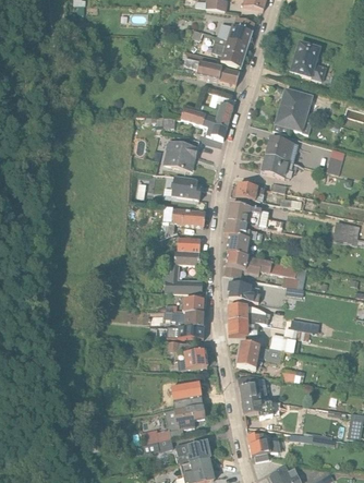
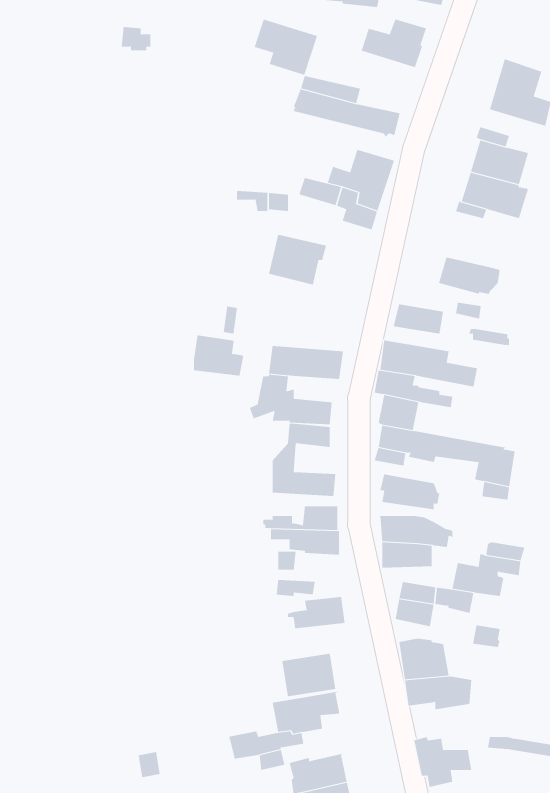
building: [211,36,248,69] -> [254,19,318,76]
building: [266,136,299,161] -> none
building: [172,176,202,200] -> [193,335,244,376]

